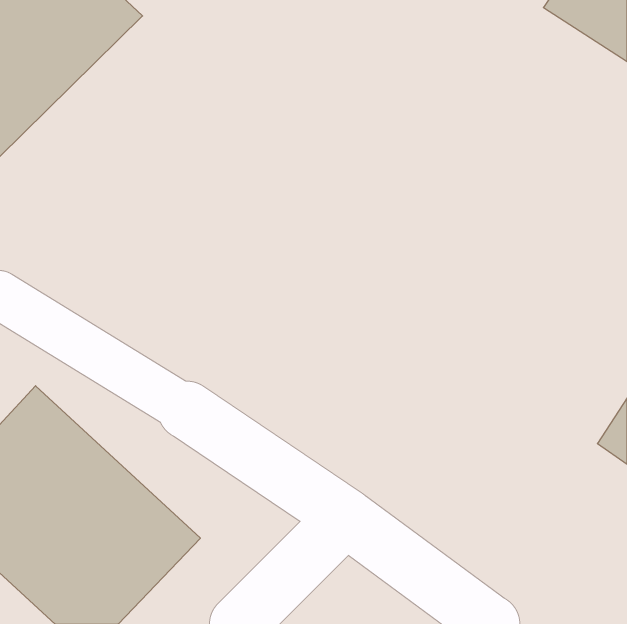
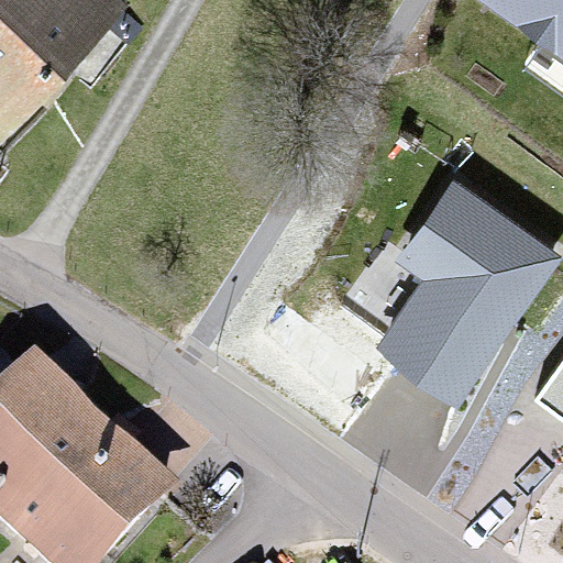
building: none -> [380,185,556,399]

